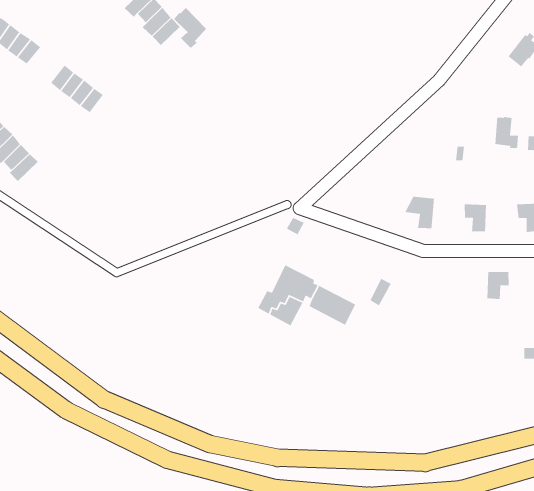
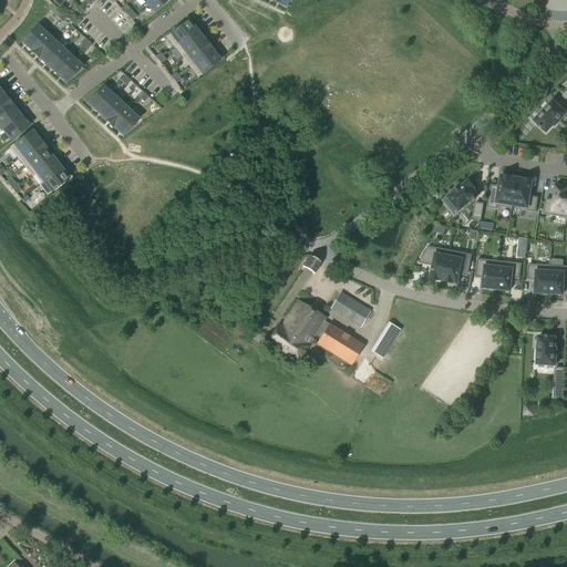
building: [173,7,207,49] -> none
building: none -> [488,173,518,207]
building: none -> [444,178,480,213]
building: none -> [445,249,472,281]
building: none -> [337,295,371,326]
building: [487,271,509,300] -> [497,260,522,289]

